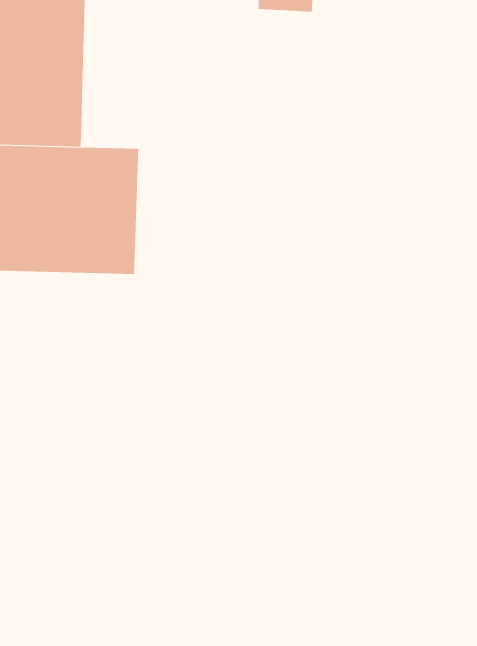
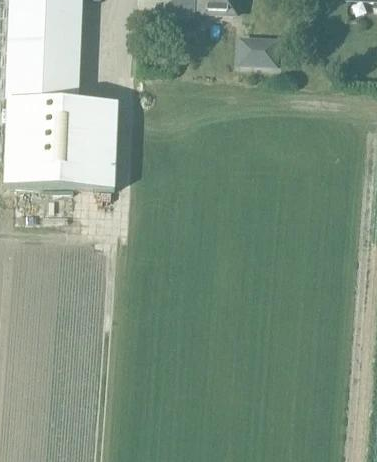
building: none -> [241,37,278,66]

